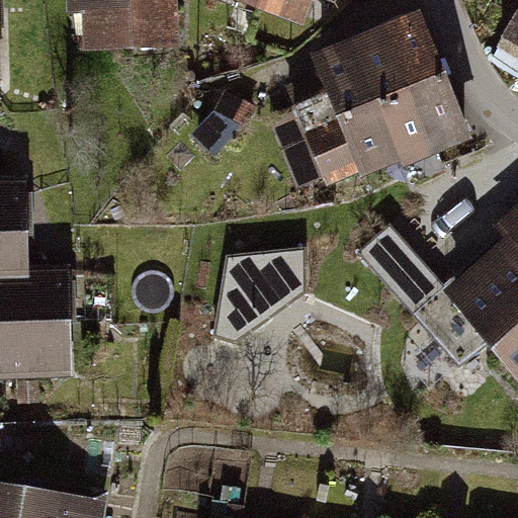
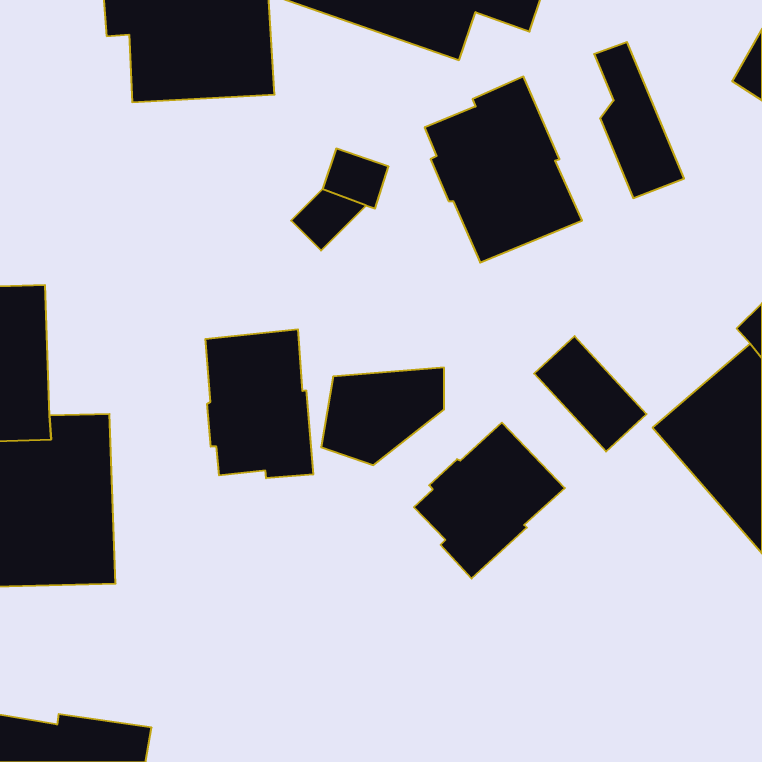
building: [353,32,427,149] -> none
building: none -> [205,329,313,478]
building: none -> [414,423,565,579]

